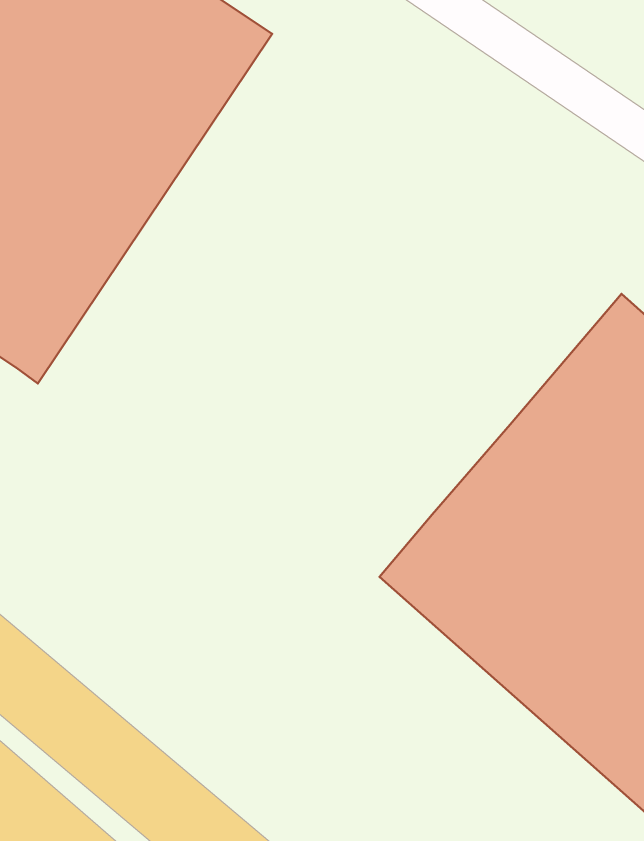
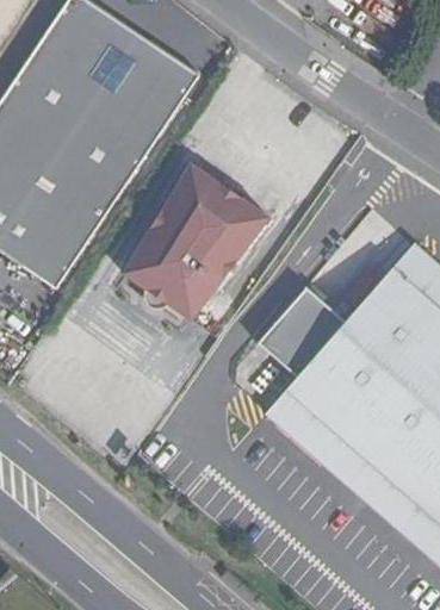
building: none -> [119,175,259,326]
building: none -> [259,282,346,371]

